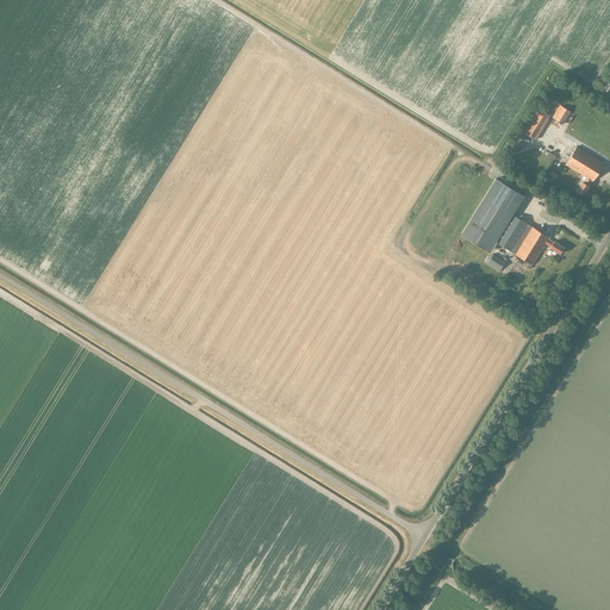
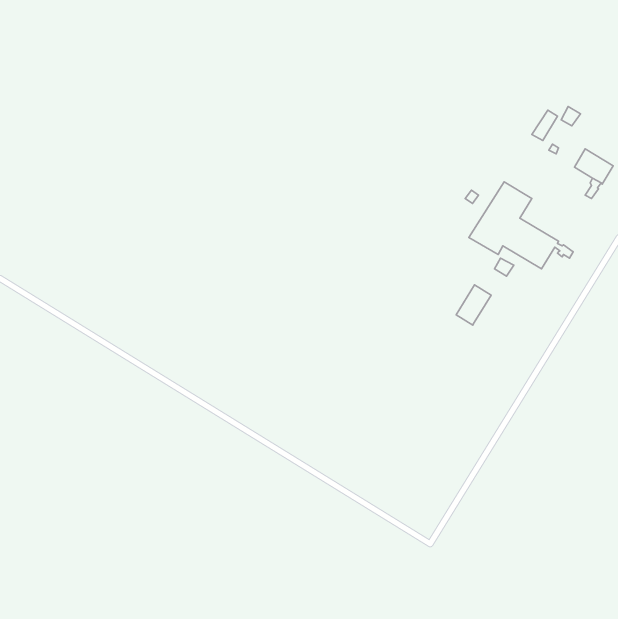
building: none -> [456,285,491,325]

